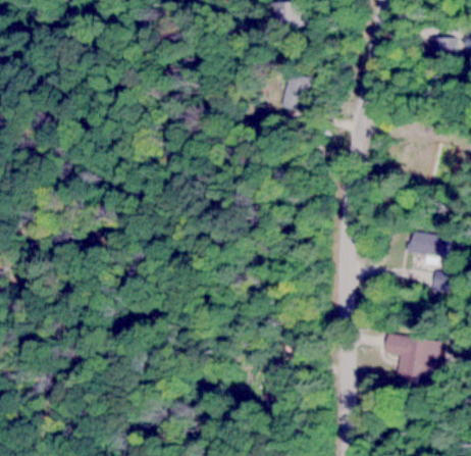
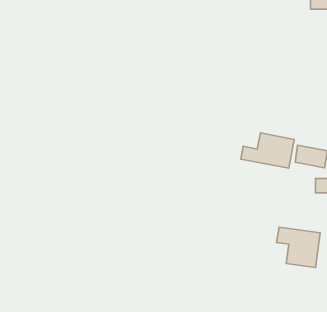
building: [278,72,308,110] -> none
building: none -> [241,133,294,168]

